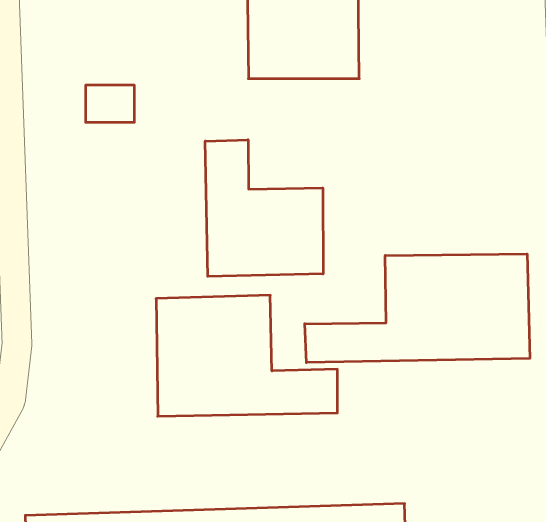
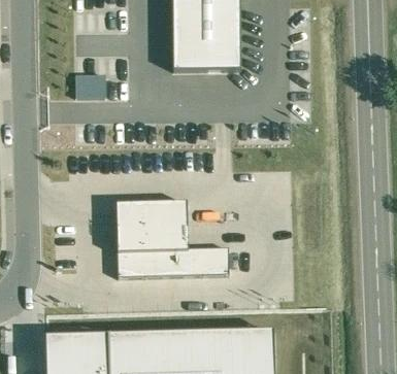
building: [205,140,323,276] -> none
building: [305,254,530,363] -> none

